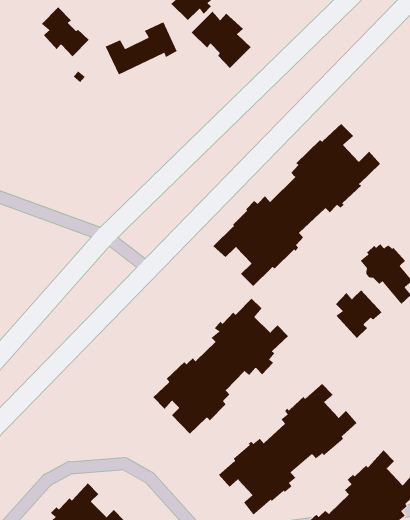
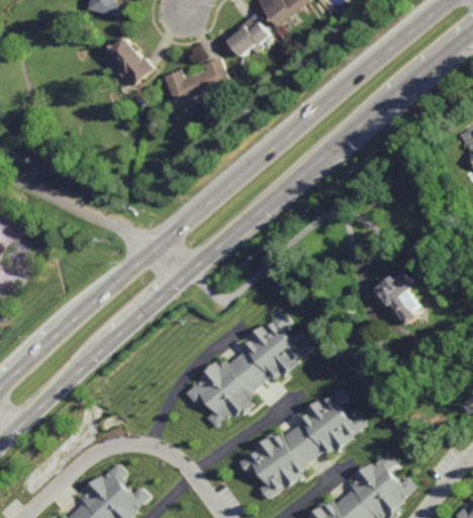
building: [191,11,252,69] -> none
building: [212,123,381,287] -> none
building: [335,289,383,339] -> none

